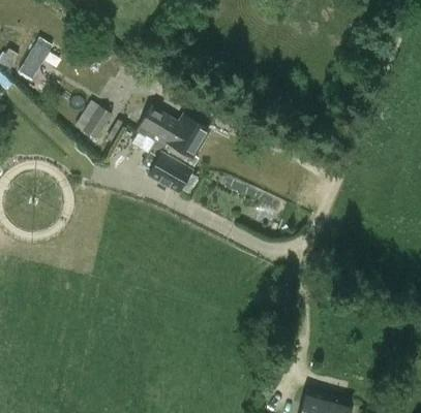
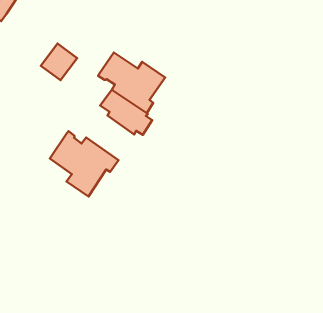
building: none -> [50,131,119,196]

